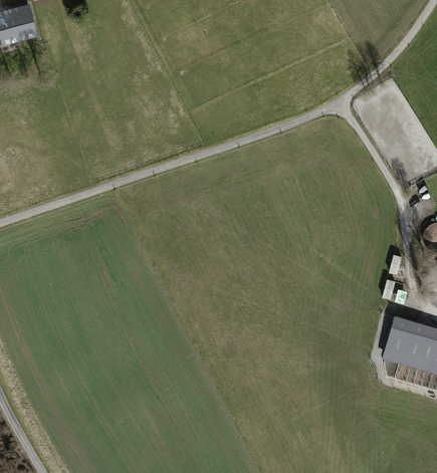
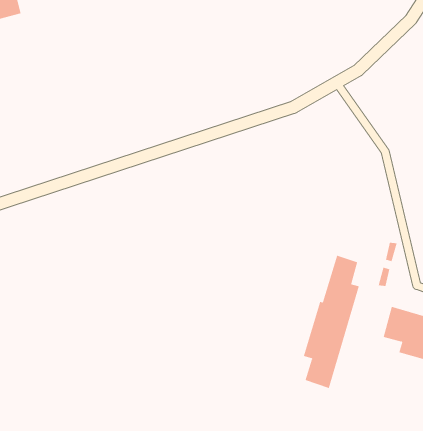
building: none -> [303,255,359,389]

